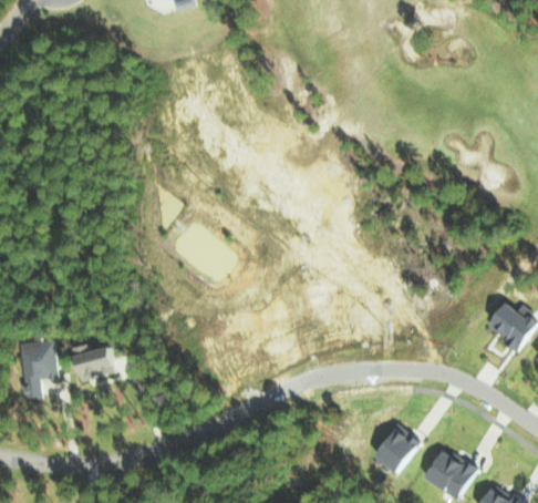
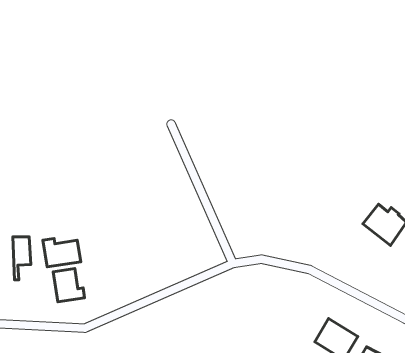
building: none -> [53,269,85,302]
building: [372,424,422,474] -> none

